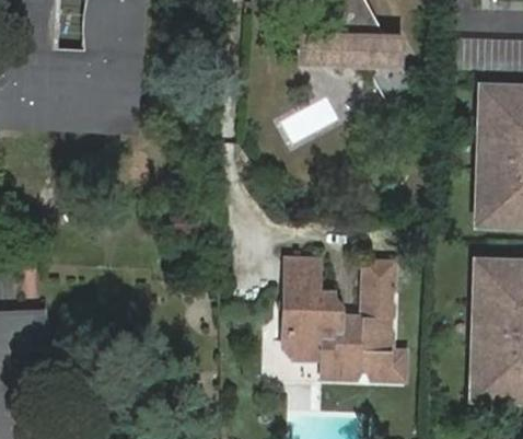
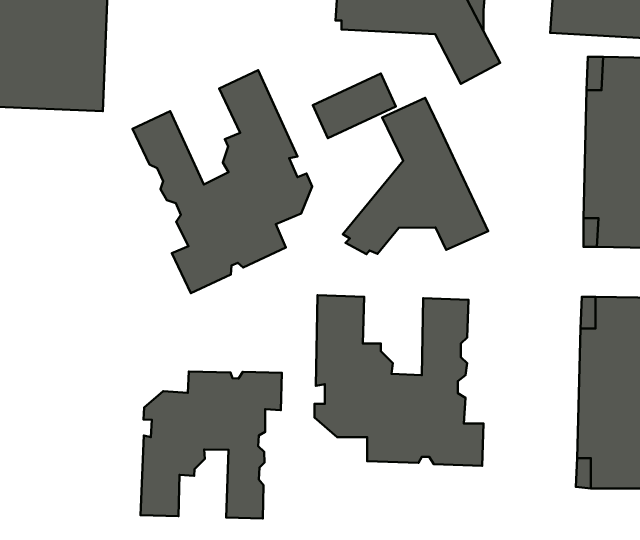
building: none -> [133,70,312,293]
building: none -> [343,98,488,254]
building: none -> [141,371,282,518]

